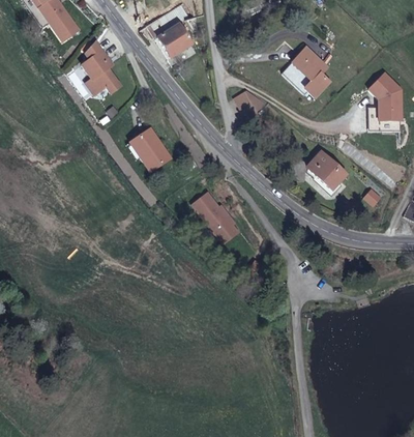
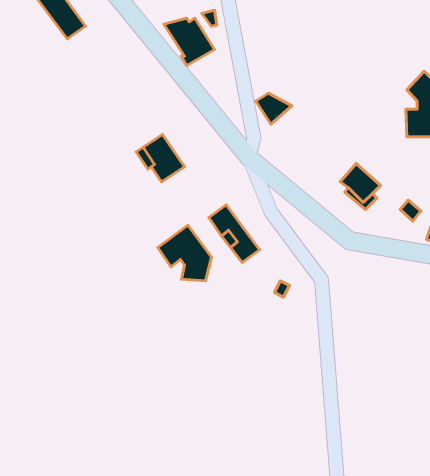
building: [76,41,121,94] -> none
building: [282,46,329,96] -> none
building: none -> [158,225,212,281]

